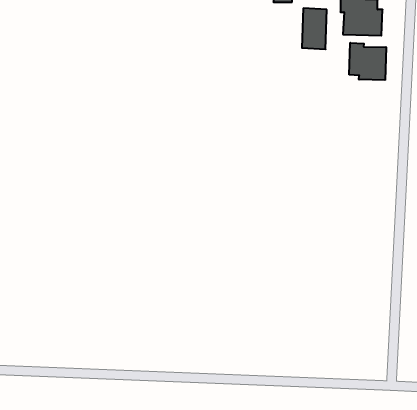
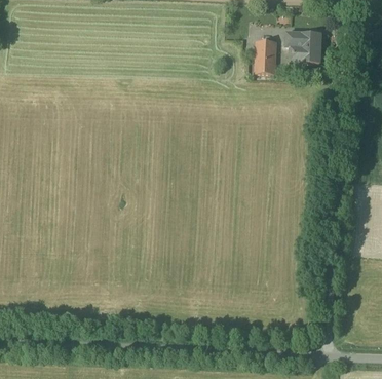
building: [349,43,386,80] -> none

